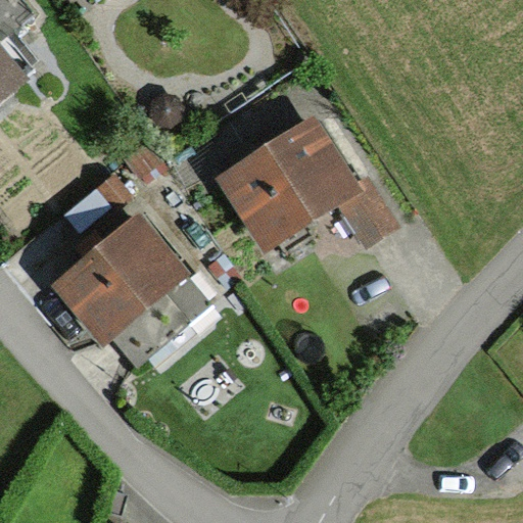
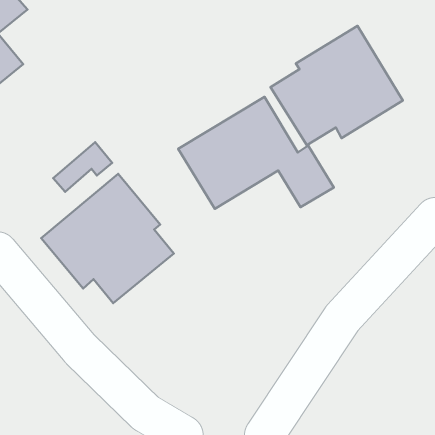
building: none -> [270,26,403,145]

